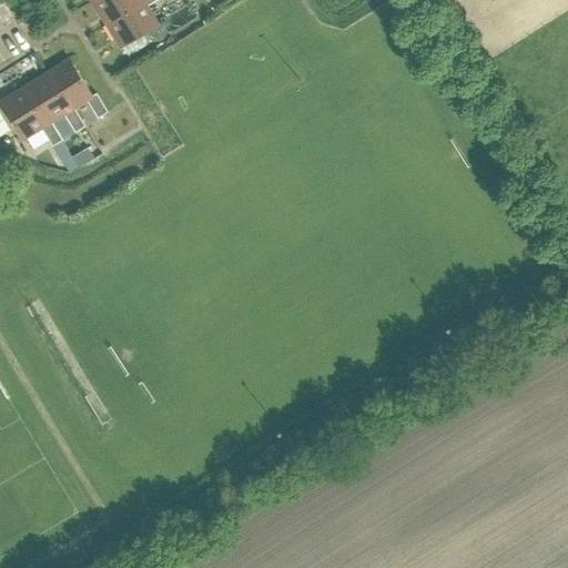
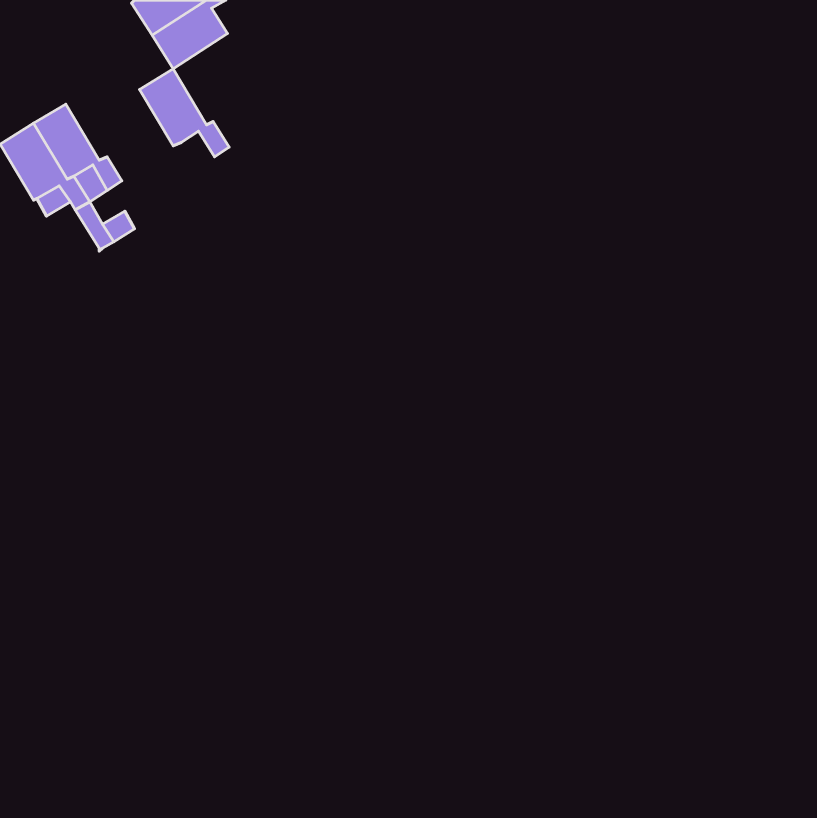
building: [45,58,108,119] -> [139,69,229,157]

